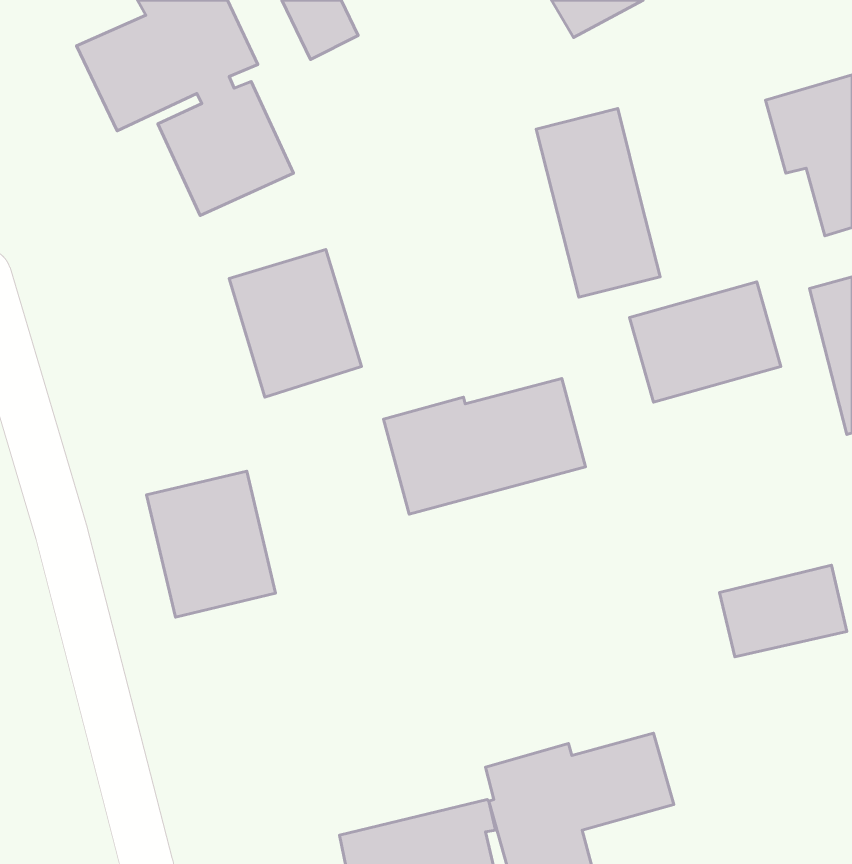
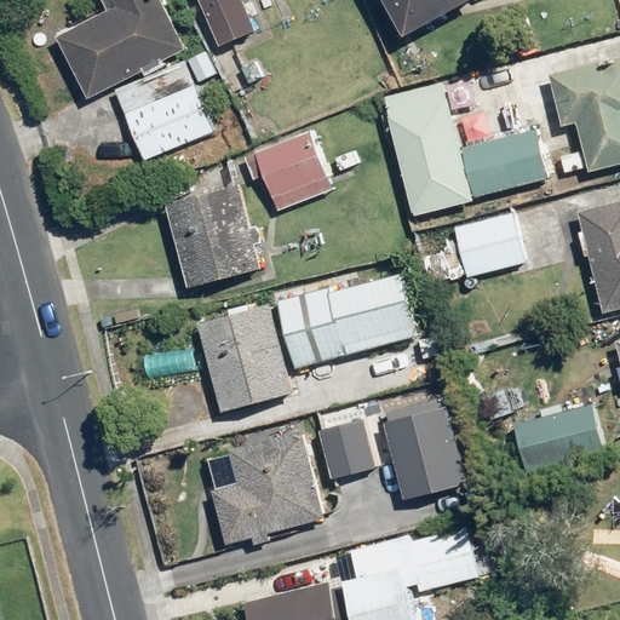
building: none -> [458,128,549,200]
building: none -> [253,131,329,211]
building: [147,471,276,617] -> [199,305,291,409]
building: none -> [381,403,466,500]
building: none -> [317,418,374,477]
building: none -> [208,431,323,545]

